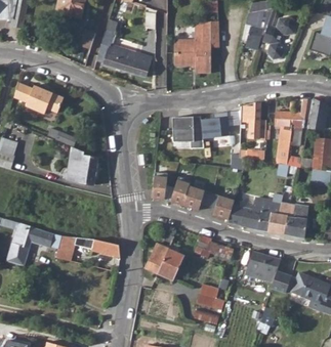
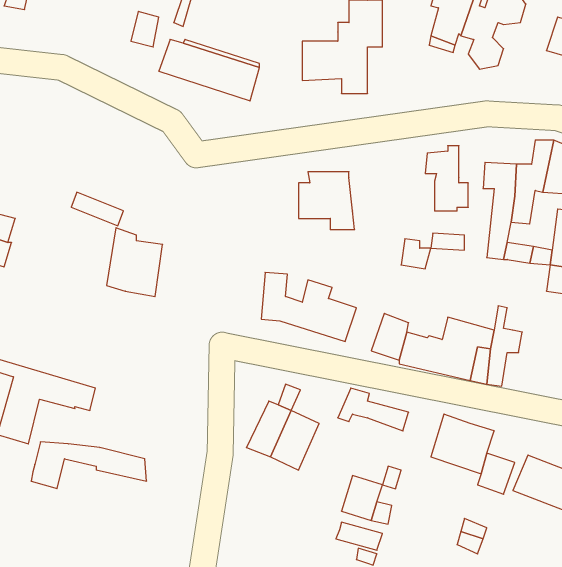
building: [13,81,64,114] -> none
building: [200,112,229,138] -> none
building: [284,205,308,238] -> none
building: [55,235,119,261] -> [31,442,147,489]

